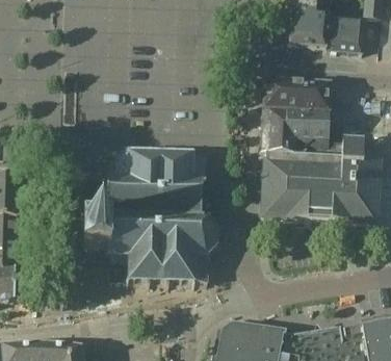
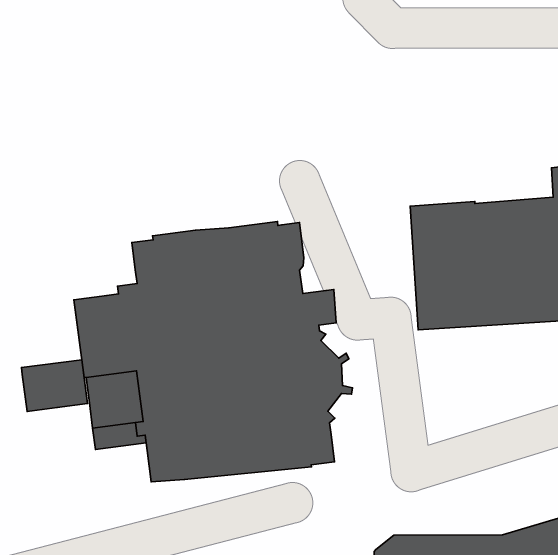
building: [261,79,328,154] -> none
building: none -> [21,360,87,412]

